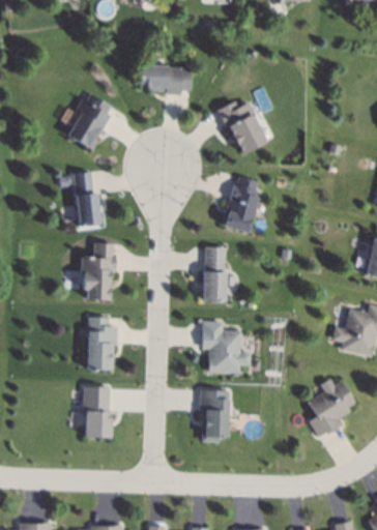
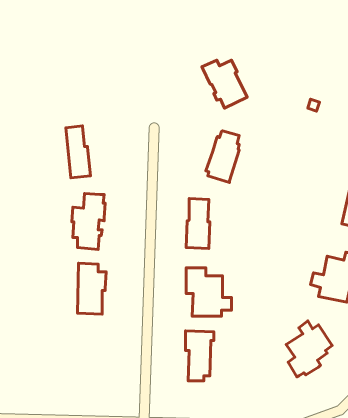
building: [140,65,191,94] -> none
building: [66,91,112,149] -> none
building: [82,386,112,438] -> none

